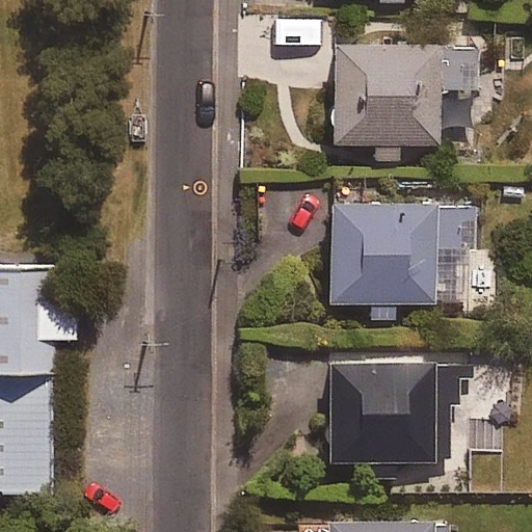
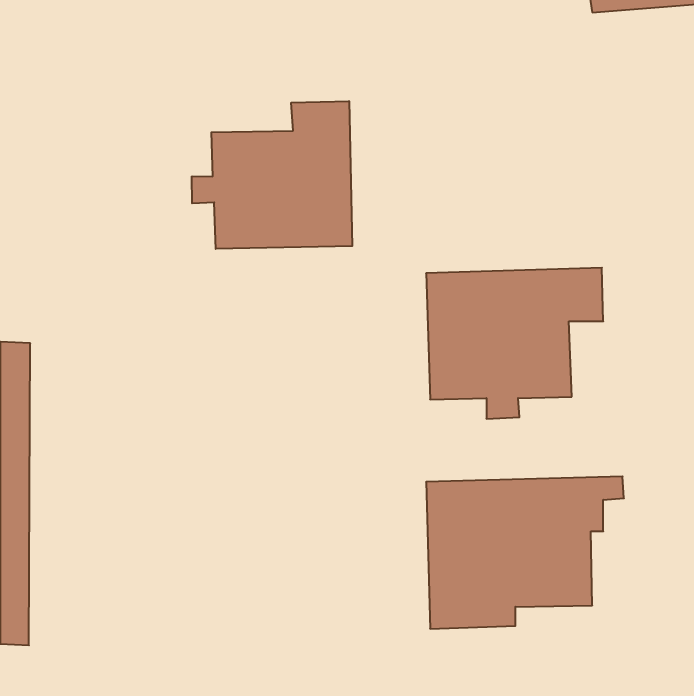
building: [332,43,477,158] -> none
building: none -> [192,101,352,249]

